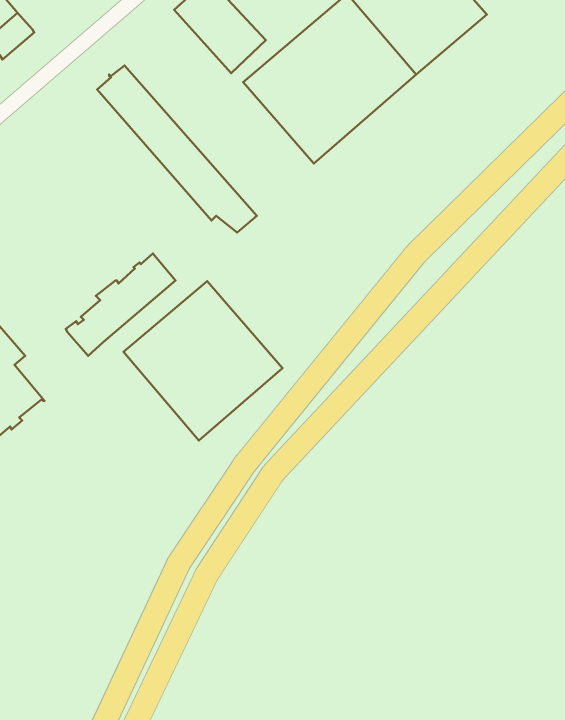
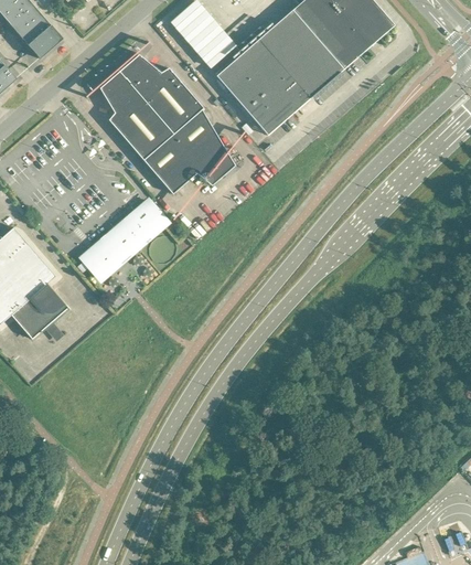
building: none -> [128,53,234,172]
building: none -> [99,79,192,193]
building: [123,281,283,441] -> none

